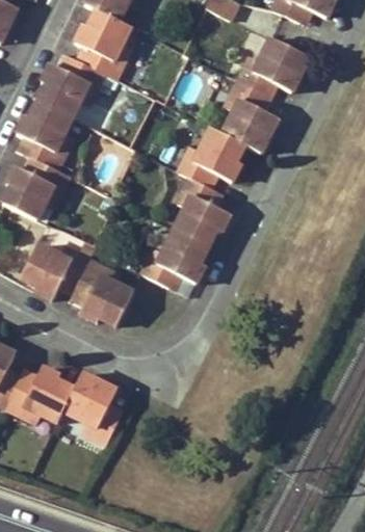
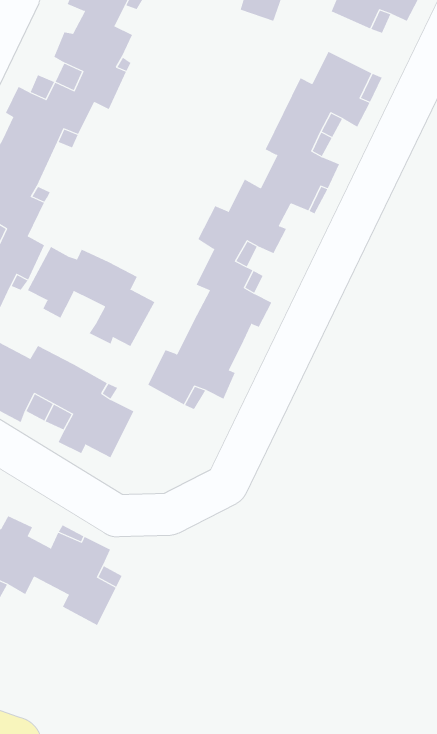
building: none -> [27,246,155,347]

